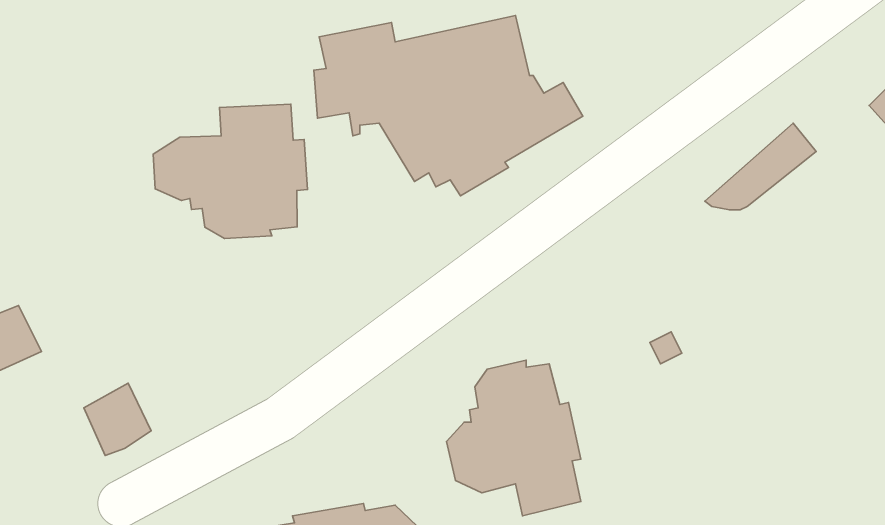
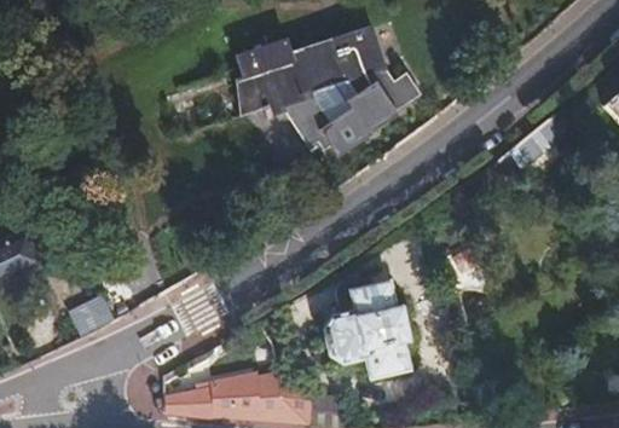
building: [153,104,307,239] -> none

